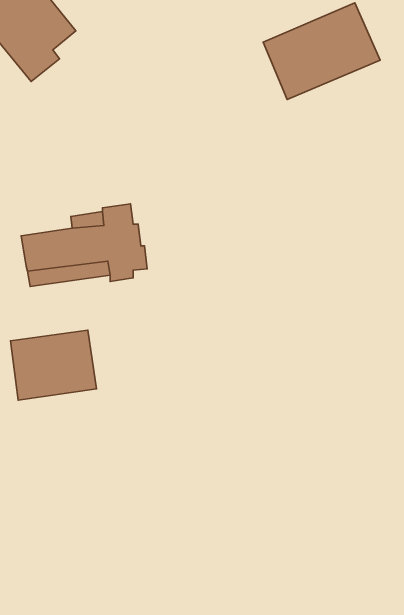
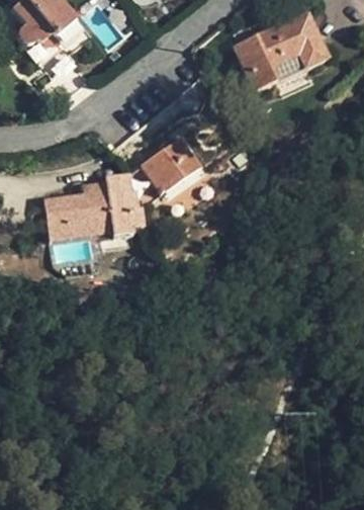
building: none -> [142,136,201,191]
building: [11,330,96,400] -> none

